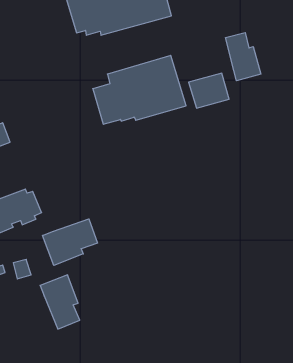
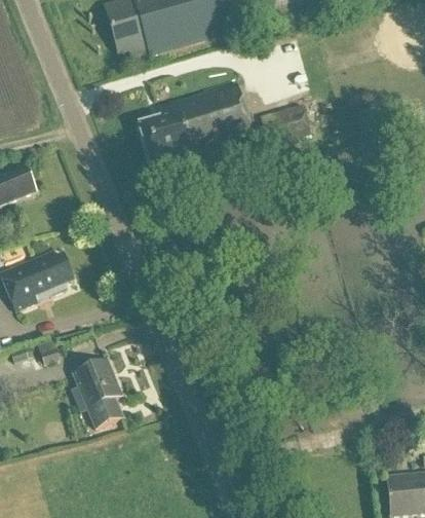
building: [226,33,261,81] -> none
building: [43,219,98,265] -> none

